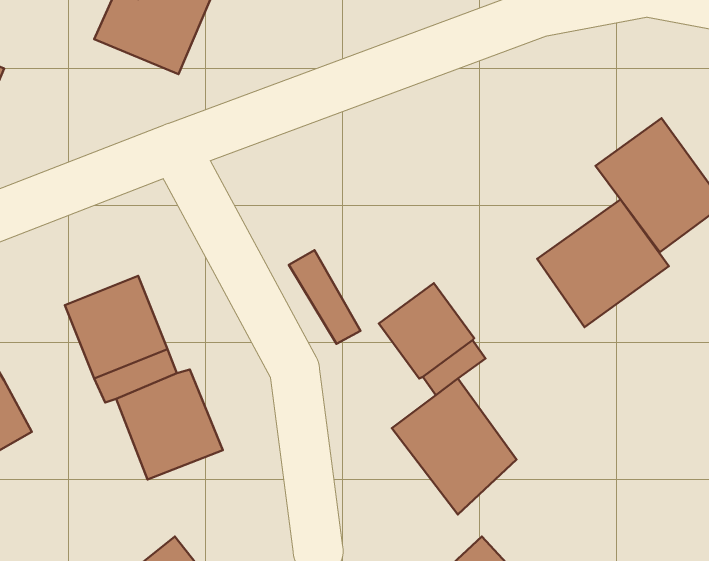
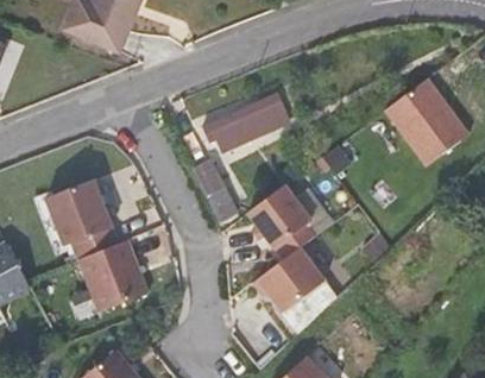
building: none -> [200,97,285,153]
building: [537,200,669,327] -> none

